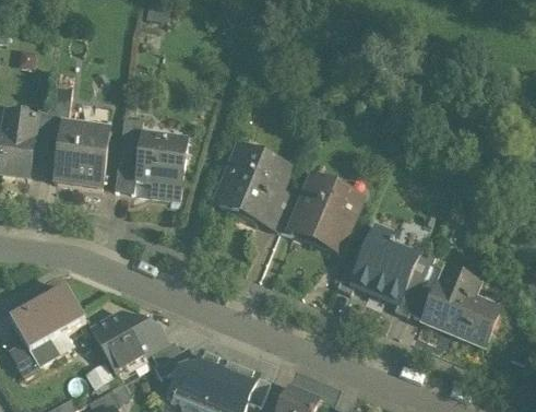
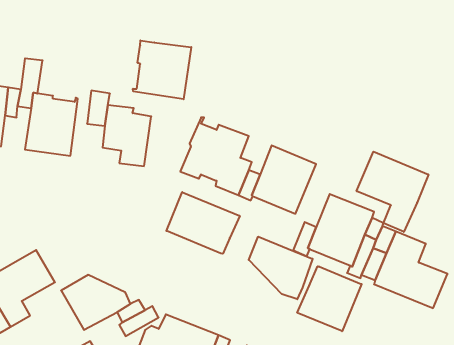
building: none -> [133,40,191,99]
building: [114,153,138,191] -> none
building: none -> [357,152,428,232]
building: none -> [166,192,240,254]
building: none -> [249,237,313,299]
building: none -> [297,266,362,331]

